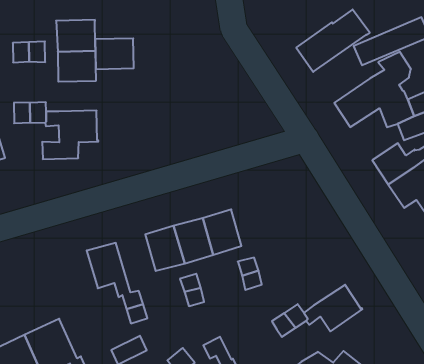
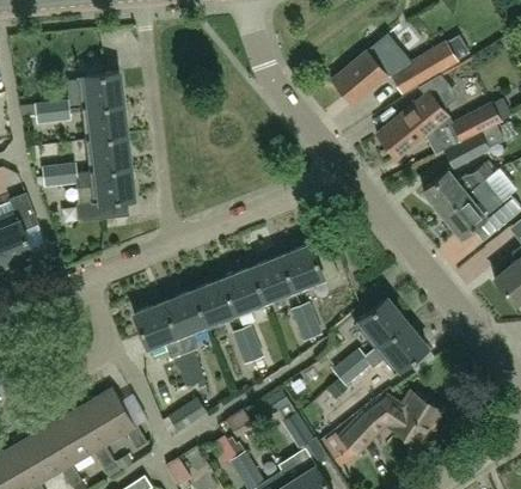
building: [95,38,134,69] -> [86,135,129,171]
building: none -> [280,244,324,293]
building: none -> [163,291,207,353]
building: none -> [355,298,406,348]

